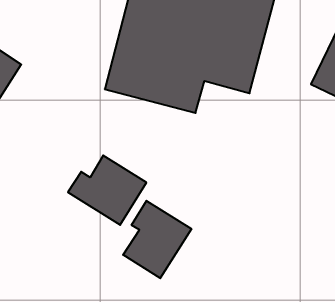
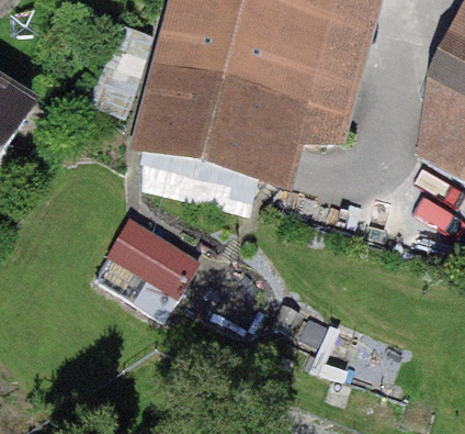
building: [123,201,191,278] -> none

